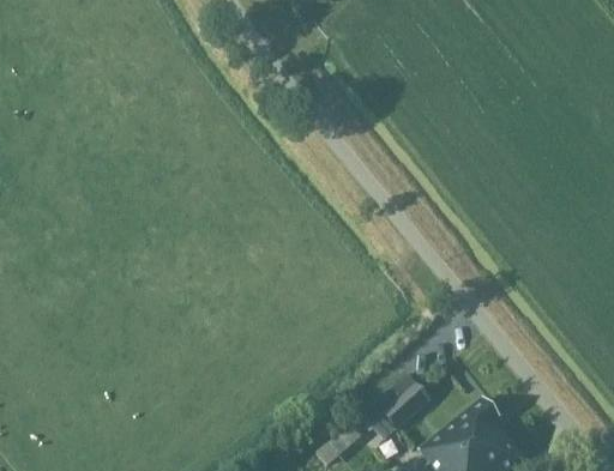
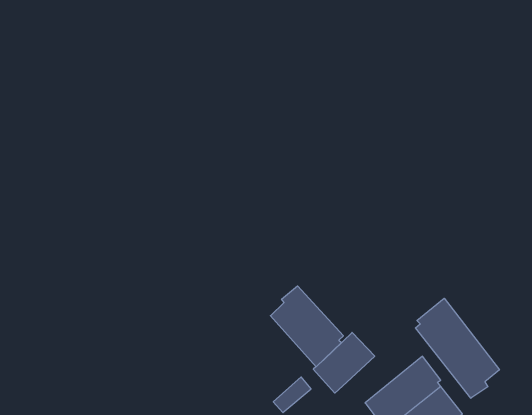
building: none -> [270,286,343,367]
building: none -> [415,298,499,398]

